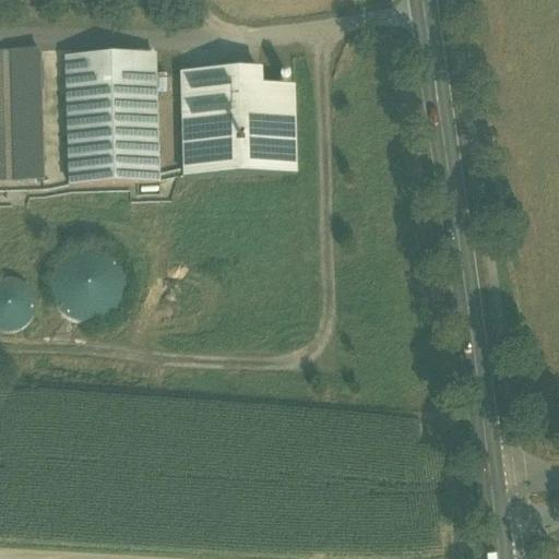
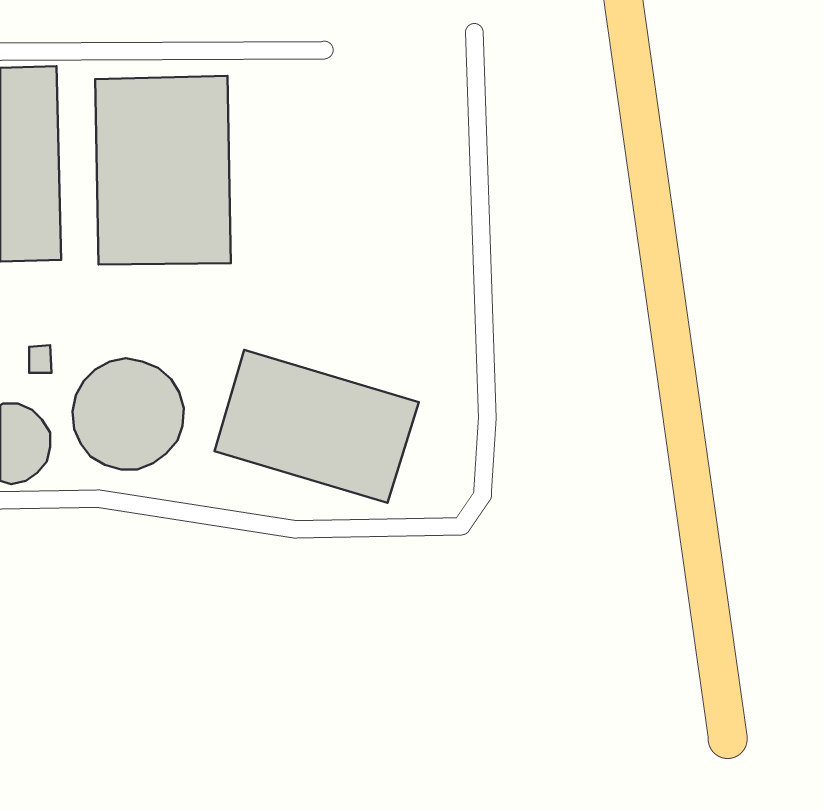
building: [181,68,294,171] -> none
building: none -> [215,350,419,503]

